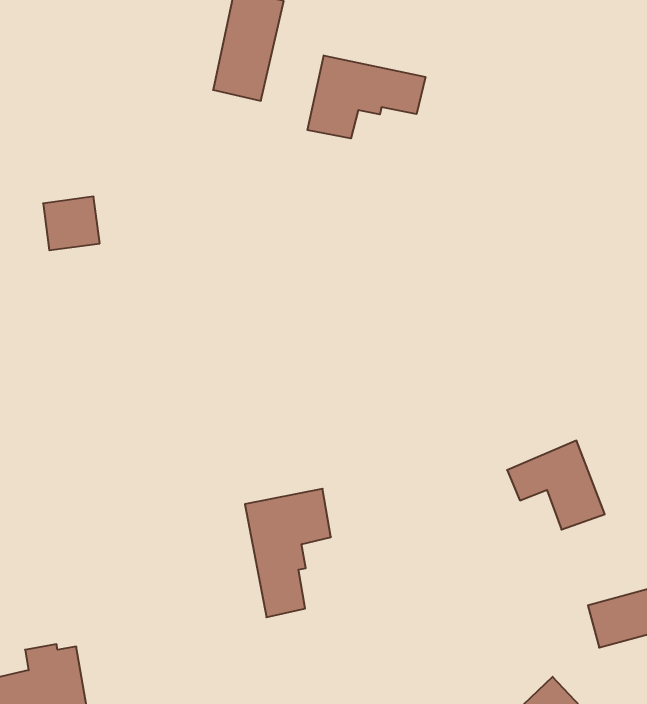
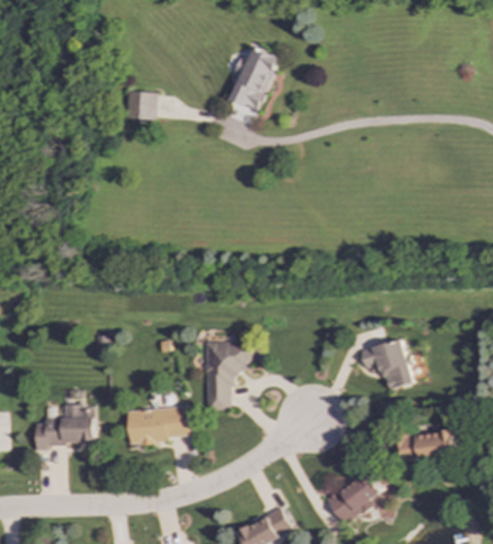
building: [307,55,425,138] -> none
building: [43,197,100,250] -> [124,92,154,120]
building: none -> [127,407,189,444]

